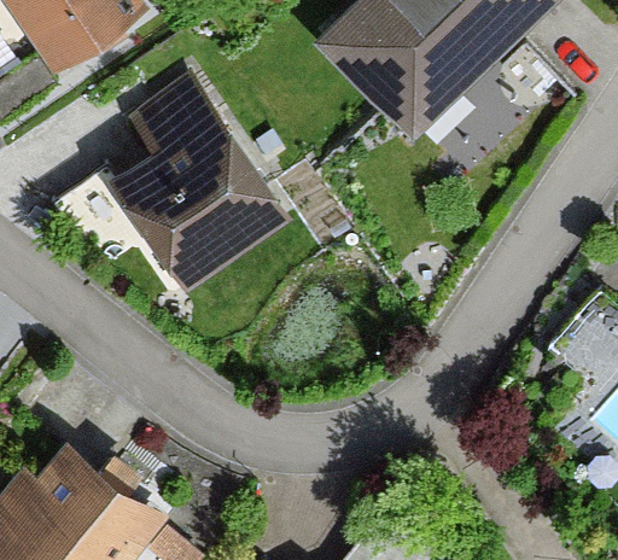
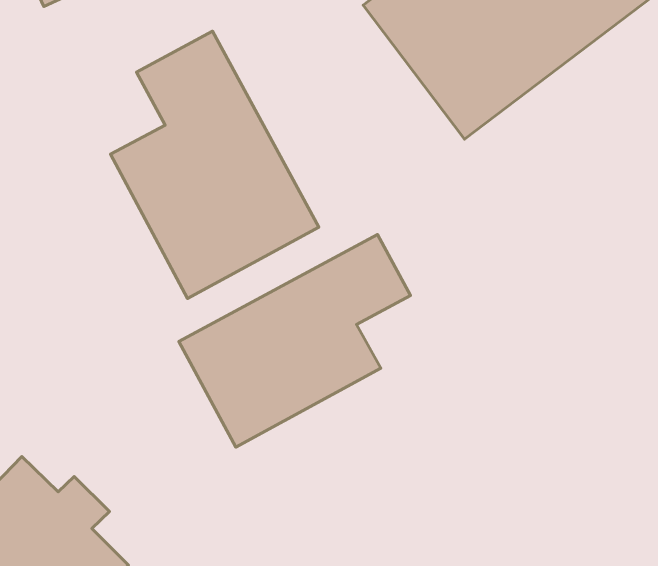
building: none -> [179,234,411,447]

